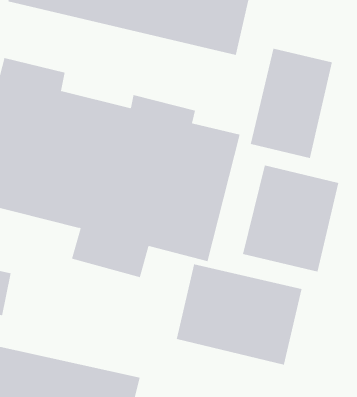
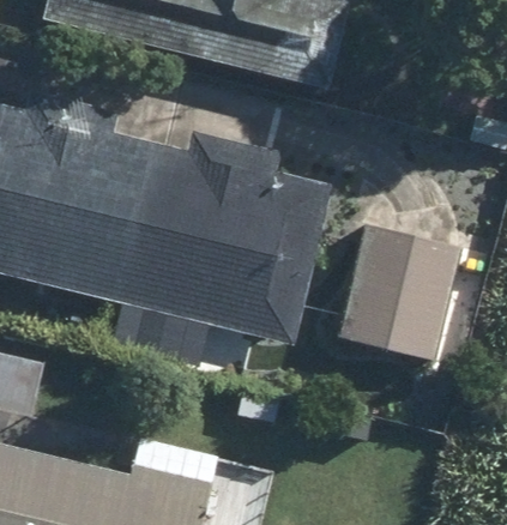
building: [250,48,333,159] -> none
building: [176,263,302,365] -> none

